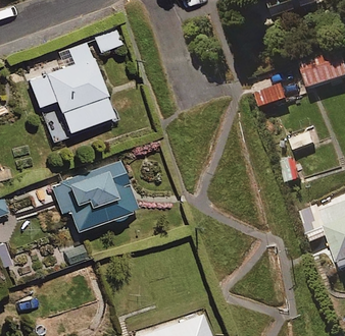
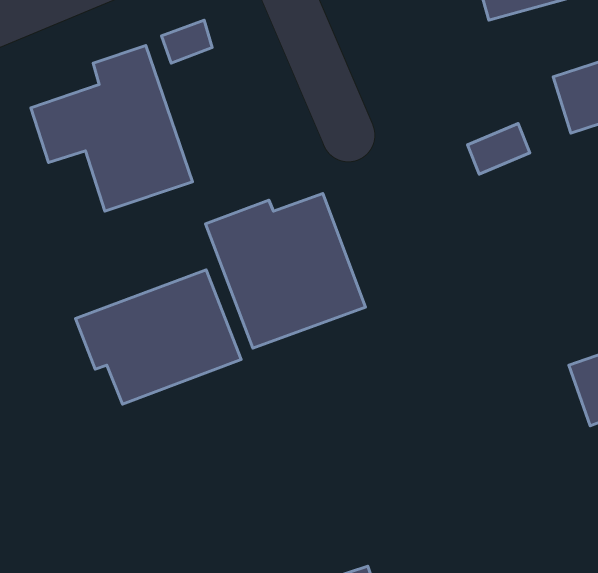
building: none -> [205,193,366,348]

